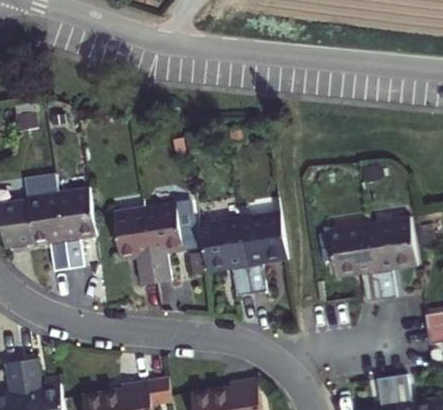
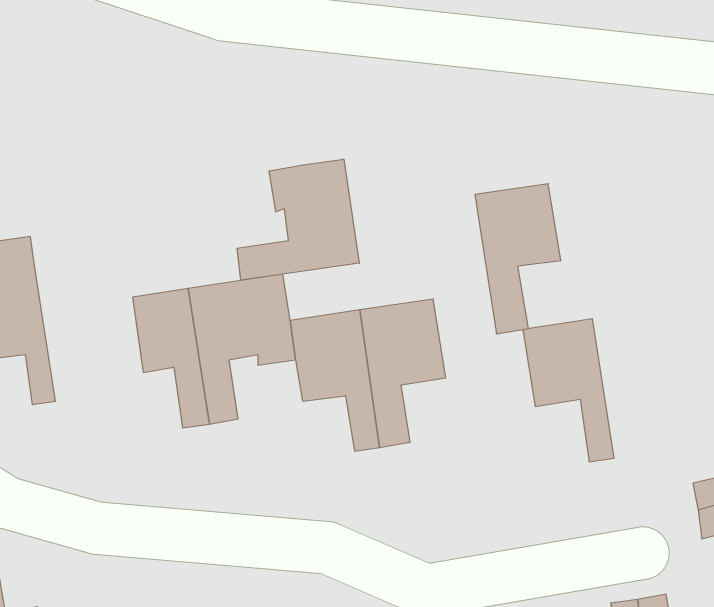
building: none -> [237,159,359,280]
building: [56,184,93,265] -> none
building: [368,213,416,297] -> [475,184,561,334]

